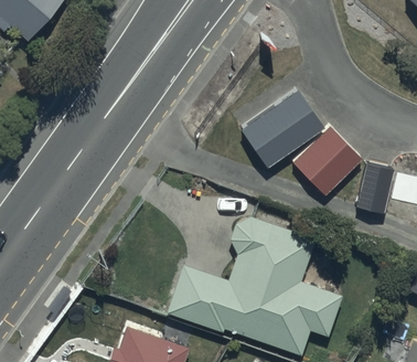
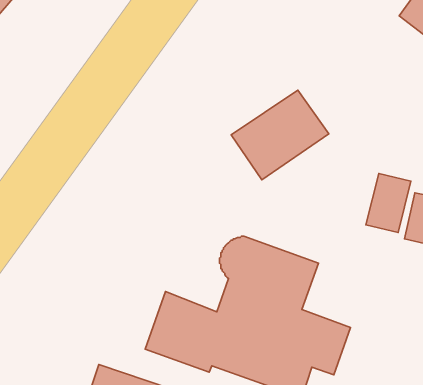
building: [292,125,362,194] -> none

